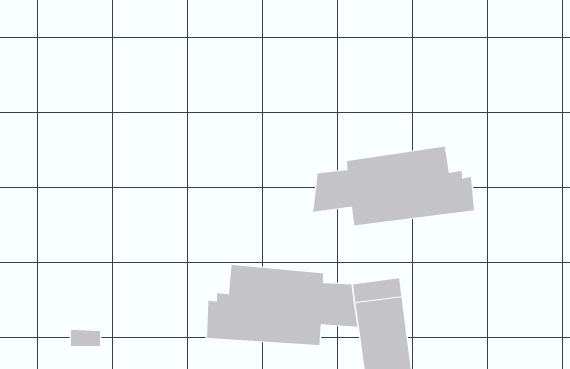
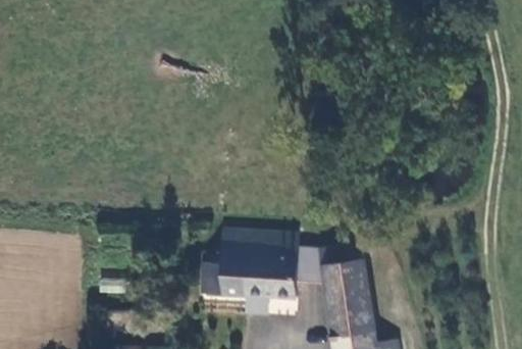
building: [313,146,475,226] -> none

